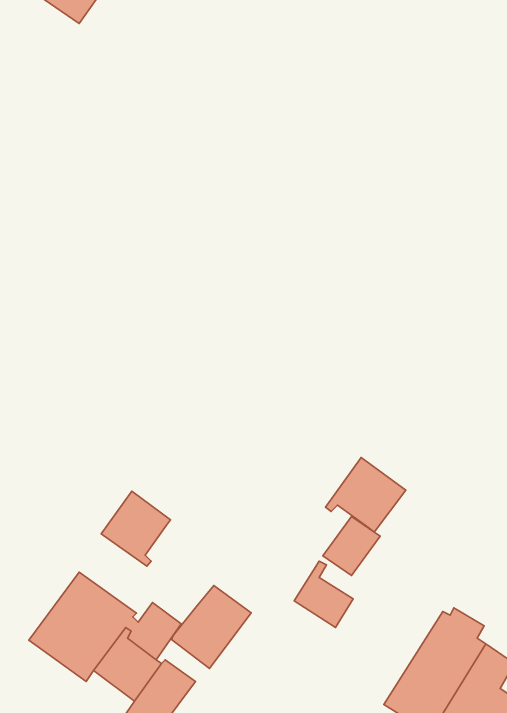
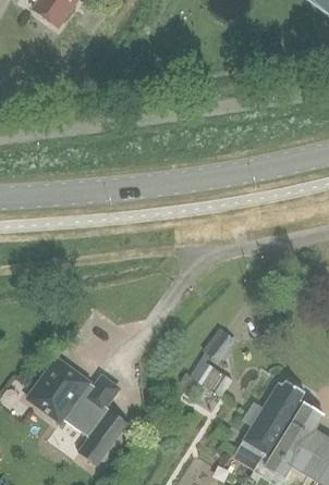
building: [326,458,406,532] -> none
building: [101,491,171,566] -> none
building: [171,585,251,669] -> none

